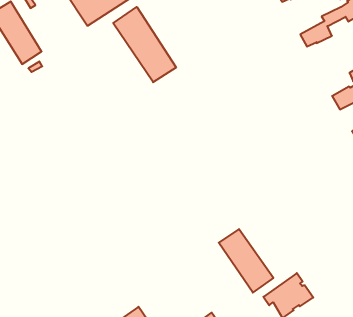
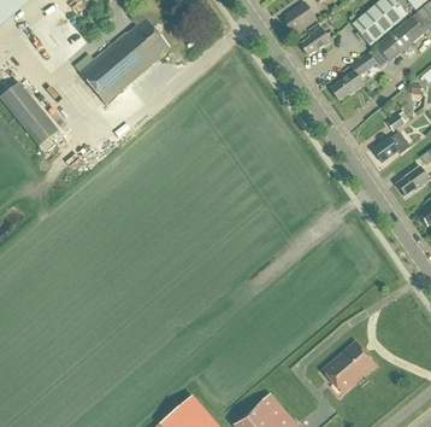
building: [113,7,176,82] -> none
building: [219,229,273,293] -> none

